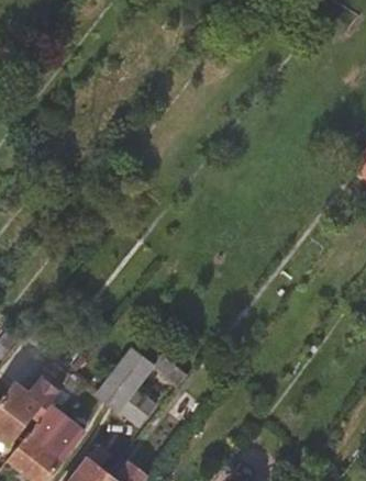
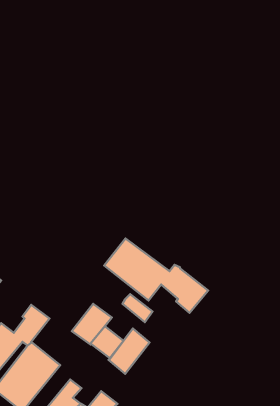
building: none -> [104,239,208,313]
building: none -> [108,328,150,374]

